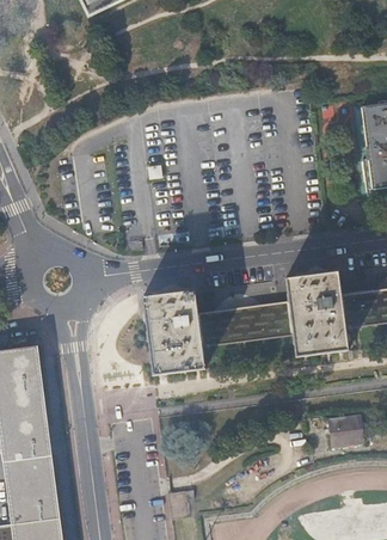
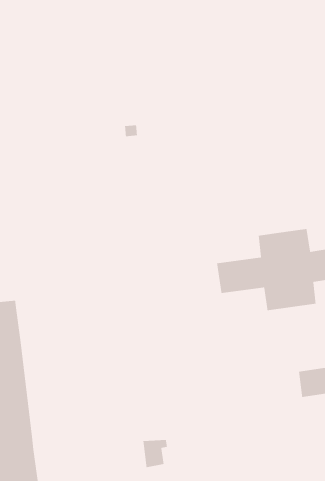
building: [143,290,248,375] -> none

